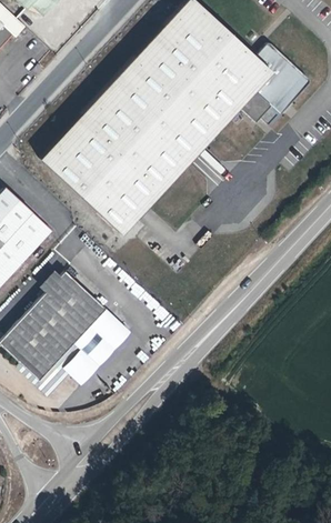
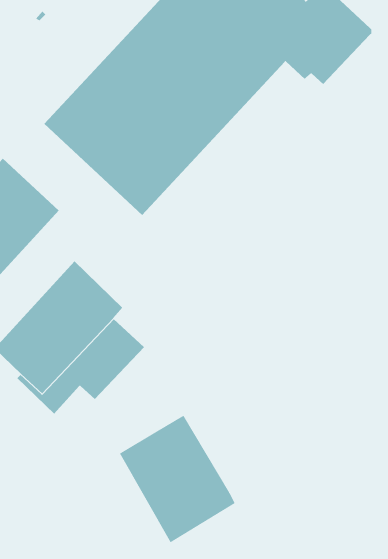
building: none -> [119,415,236,543]

